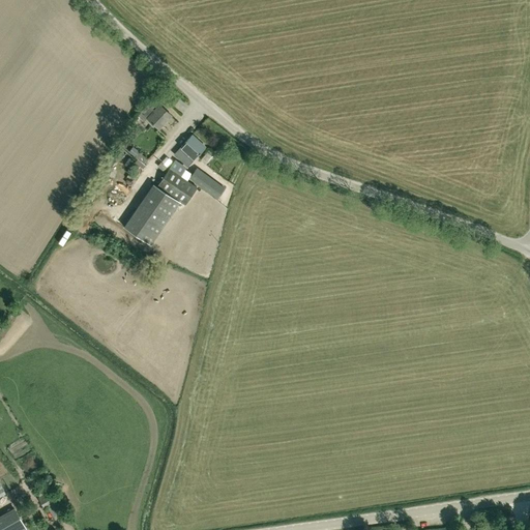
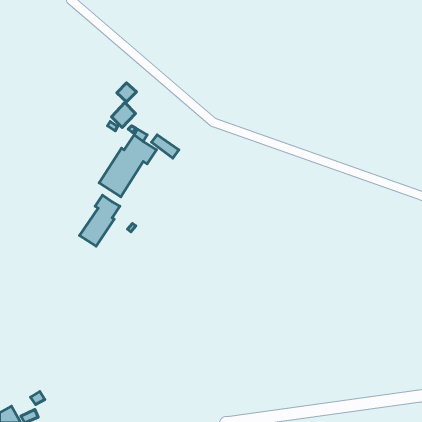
building: [174,135,204,166] -> [111,103,135,127]
building: none -> [80,195,120,246]

